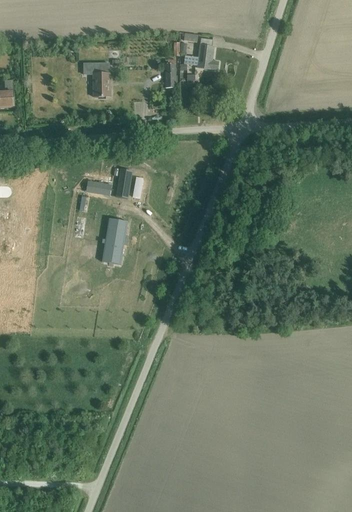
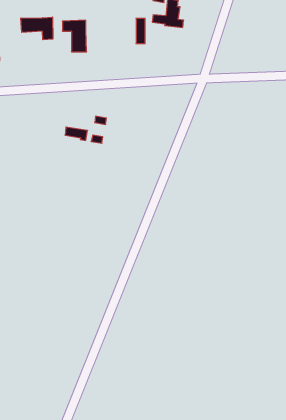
building: none -> [21,17,53,40]
building: [102,223,126,259] -> none

